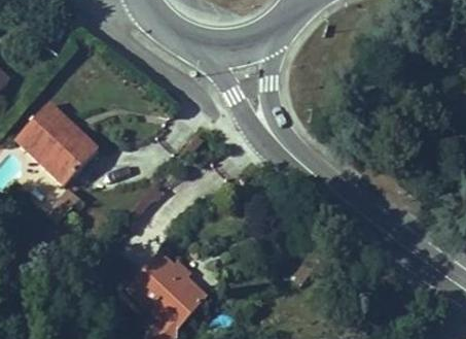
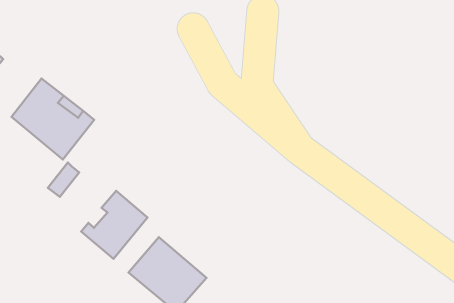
building: none -> [81,191,147,259]

